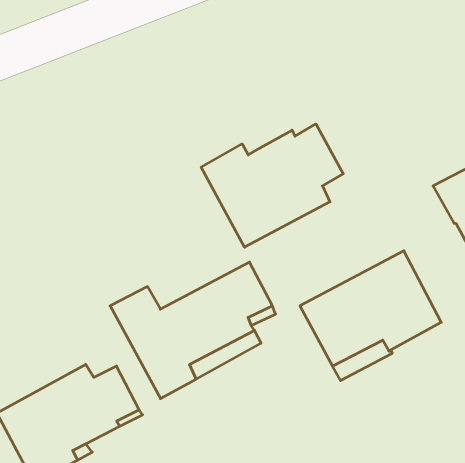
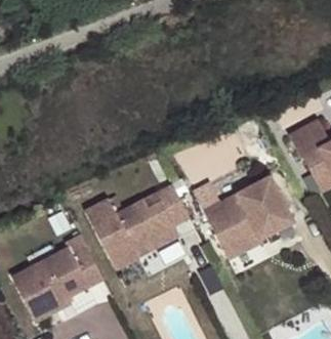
building: [201,124,343,247] -> none

